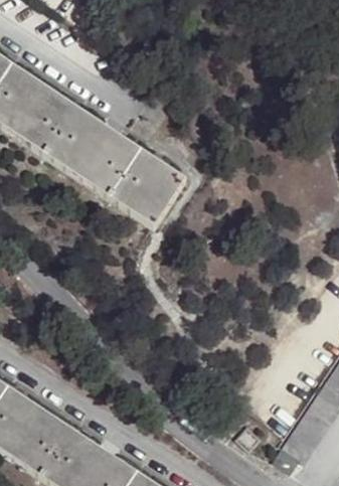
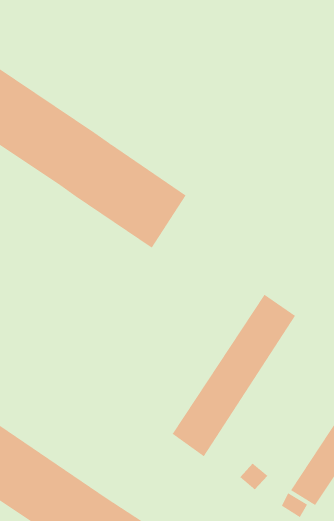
building: none -> [172,294,296,457]

